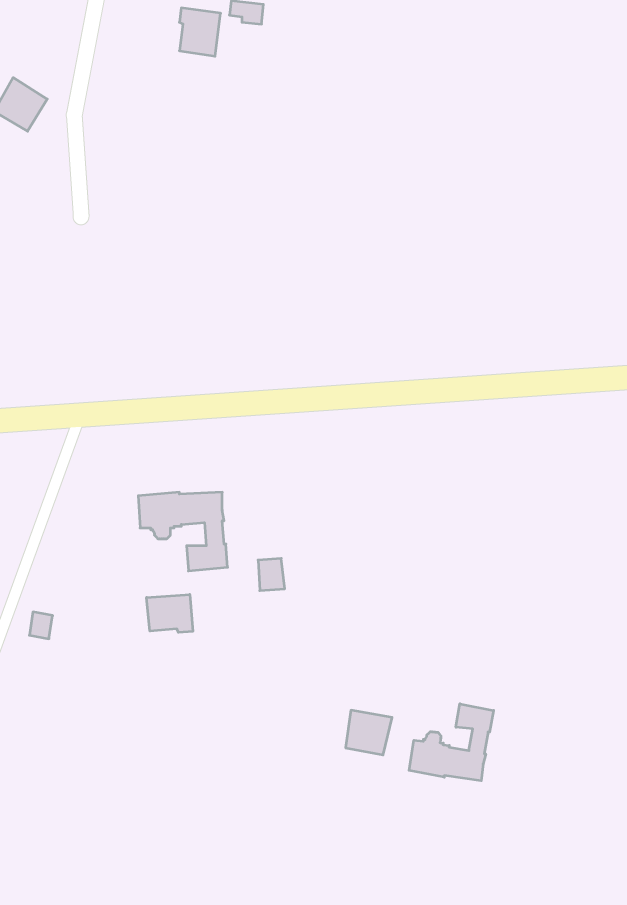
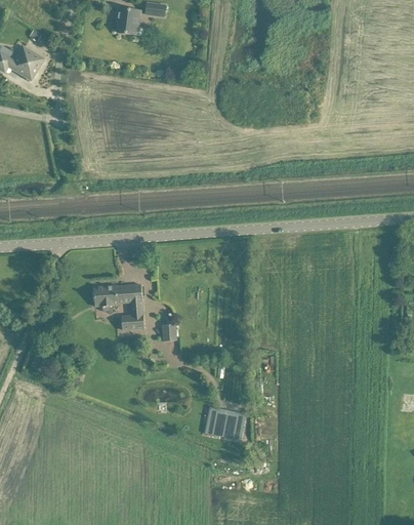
building: [147,594,193,632] -> none
building: [409,704,494,781] -> none

